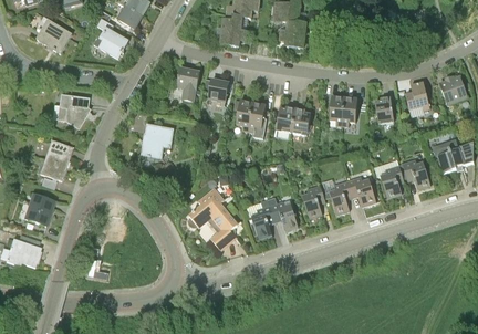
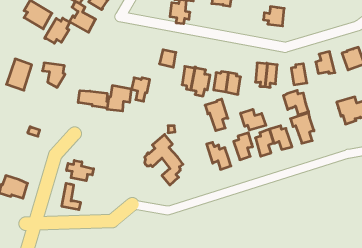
building: [279,22,305,46] -> [263,7,284,26]
building: none -> [45,18,70,43]
building: [176,70,199,100] -> [131,78,150,101]
building: none -> [78,91,108,108]
building: [39,139,71,179] -> [6,59,32,90]
building: none -> [241,109,266,130]
building: [397,157,429,188] -> [283,90,309,115]
building: [23,192,53,225] -> none
building: [246,198,274,238] -> [205,99,228,131]
building: none -> [67,160,94,181]

